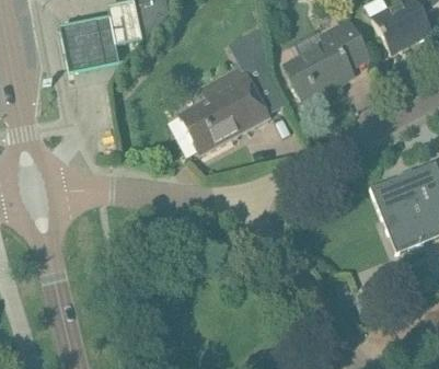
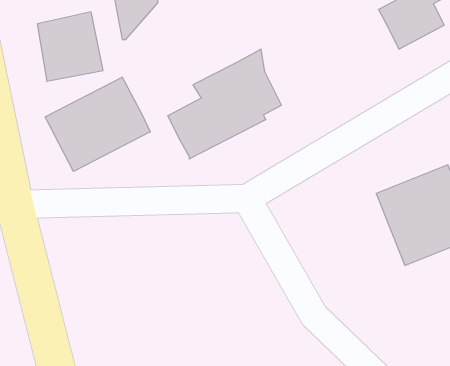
building: [284,19,363,100] -> none
building: none -> [45,77,150,171]

